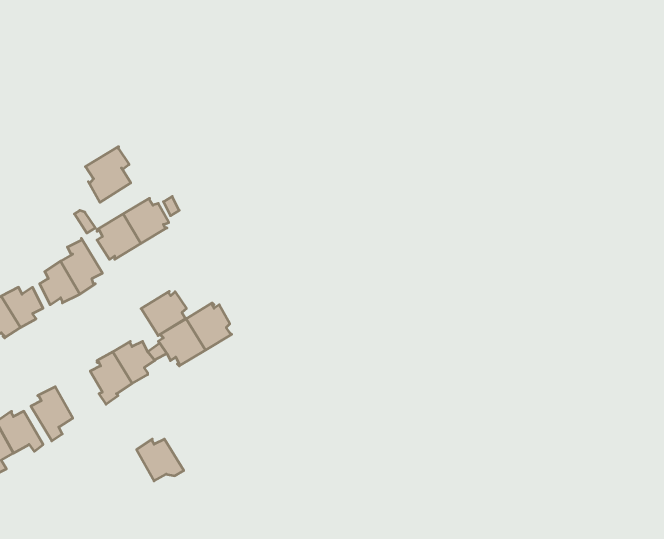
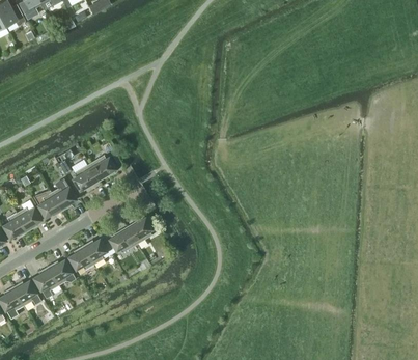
building: [85,147,131,202] -> none
building: [141,291,186,336] -> none
building: [137,439,184,481] -> [47,260,75,285]

